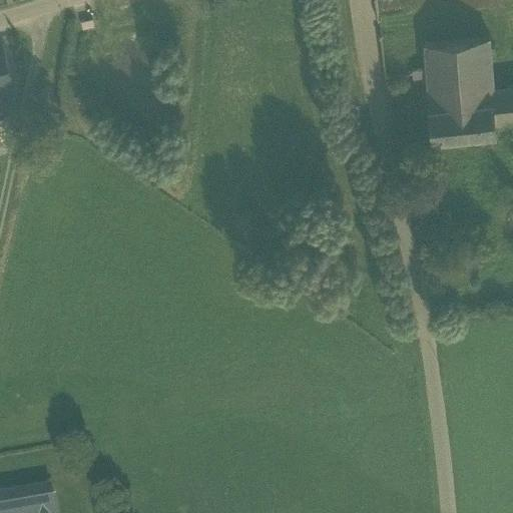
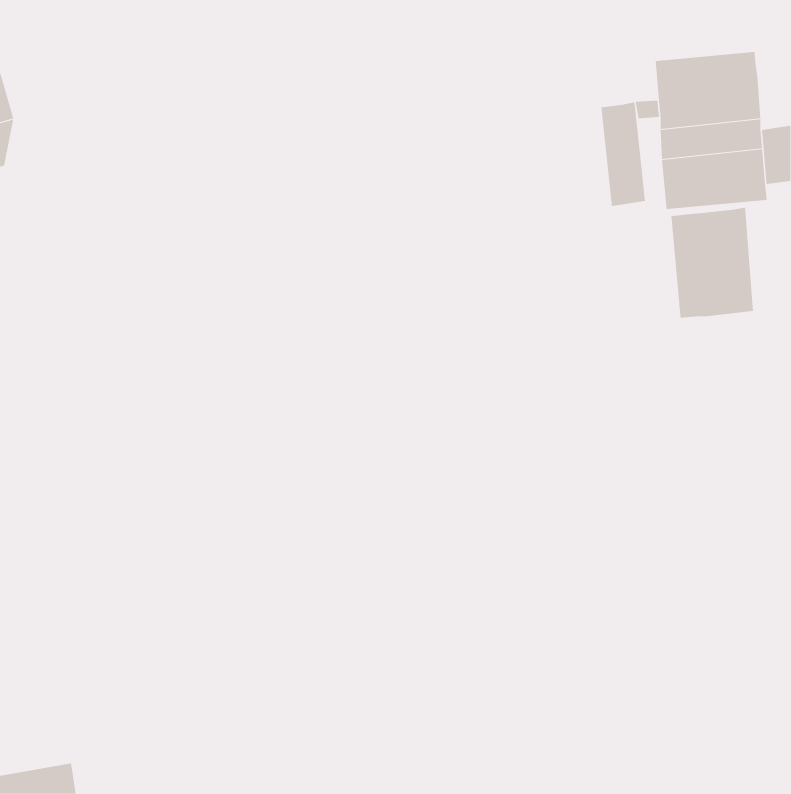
building: none -> [601,102,645,207]
building: none -> [671,207,754,318]

